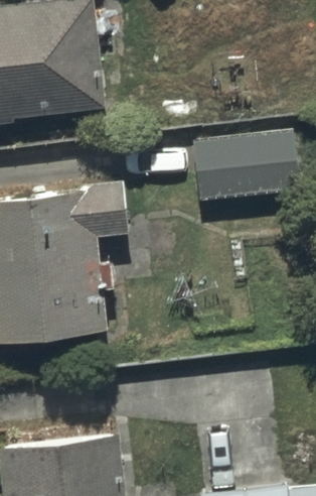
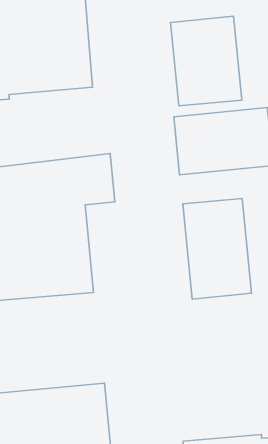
building: none -> [171,16,242,106]
building: none -> [183,199,252,299]

